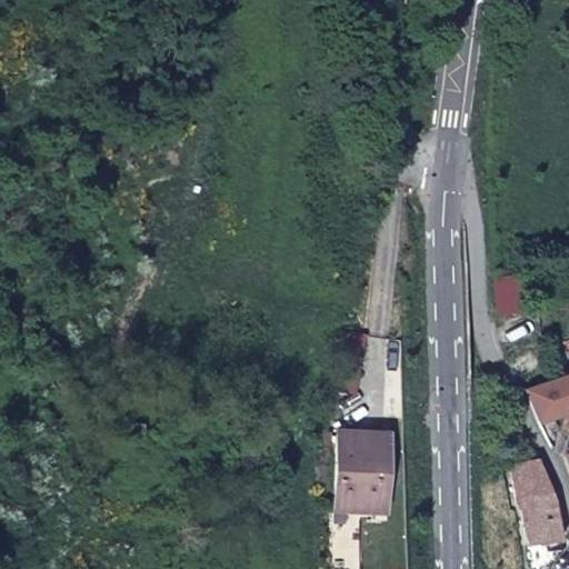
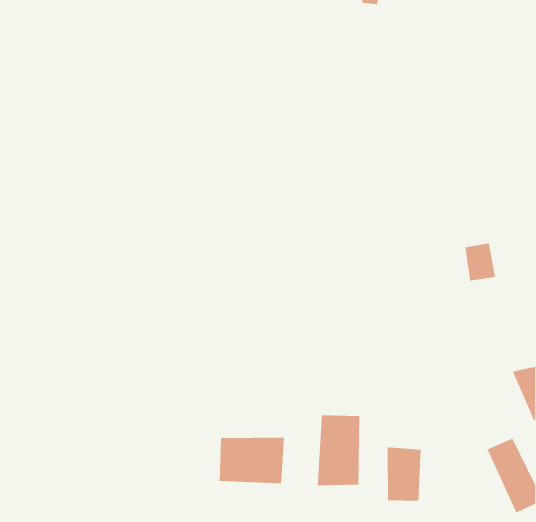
building: none -> [219,437,285,484]
building: none -> [387,447,421,502]

